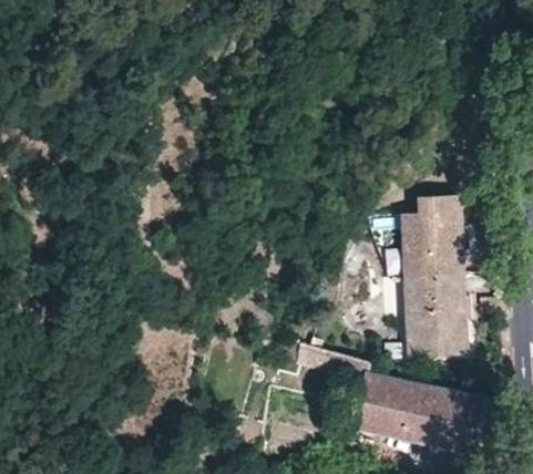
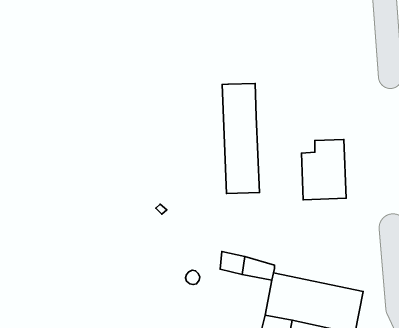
building: none -> [222,84,260,193]
building: [404,275,464,352] -> none

